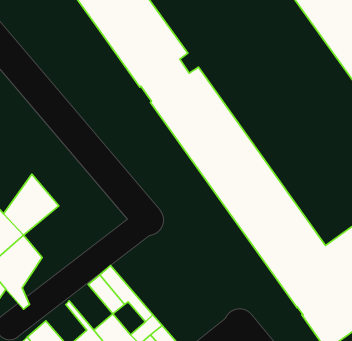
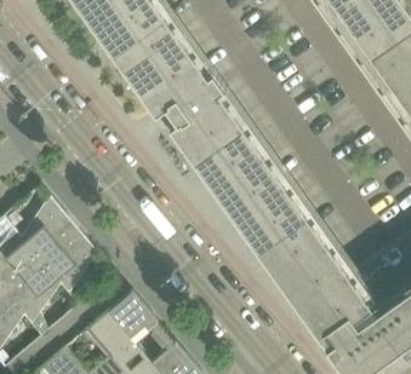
building: none -> [40,231,96,295]
building: none -> [87,312,132,359]

